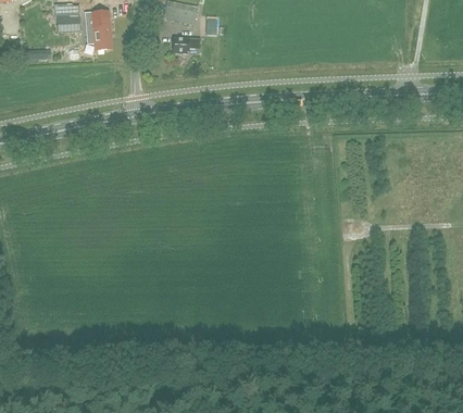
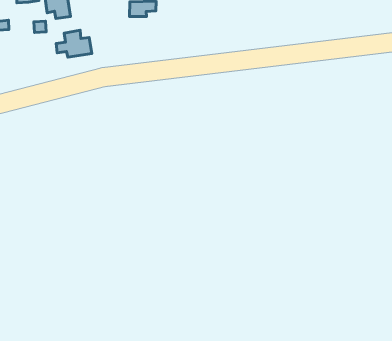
building: none -> [56,30,92,57]

